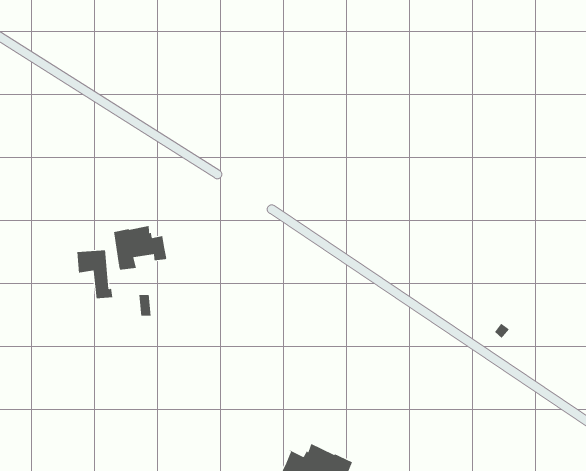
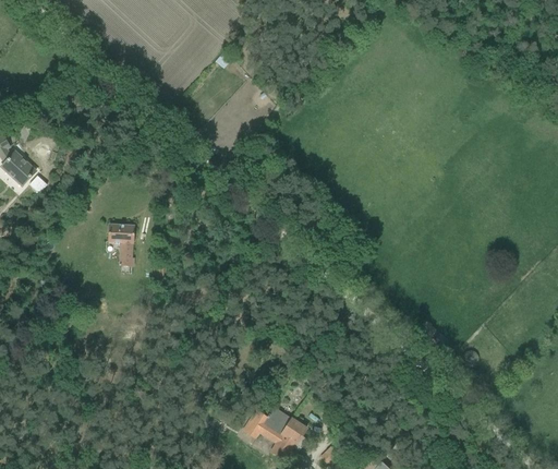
building: [114,225,169,270] -> none

